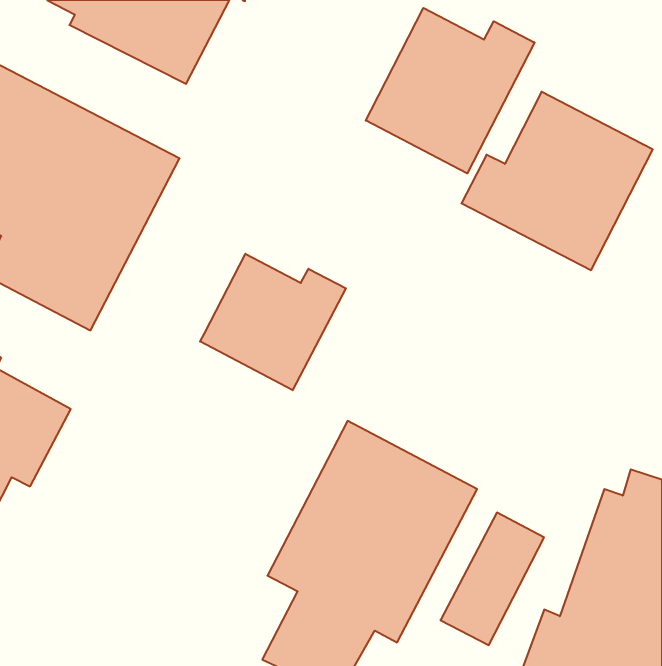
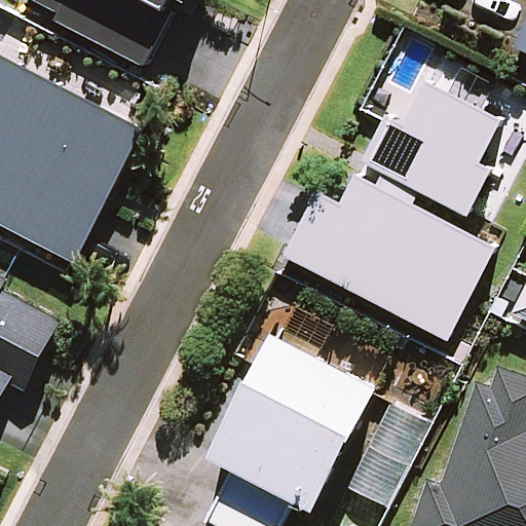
building: [366,8,535,173] -> none
building: none -> [284,176,493,340]
building: [200,254,346,390] -> none

